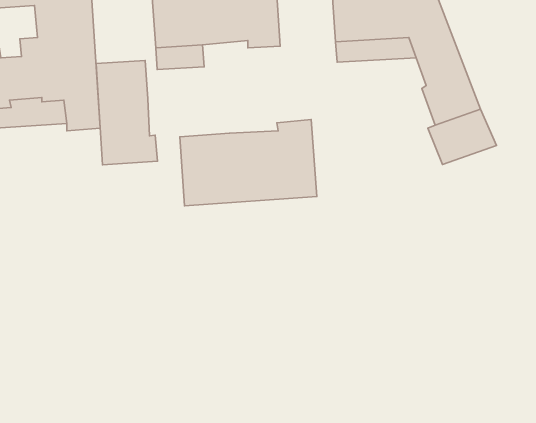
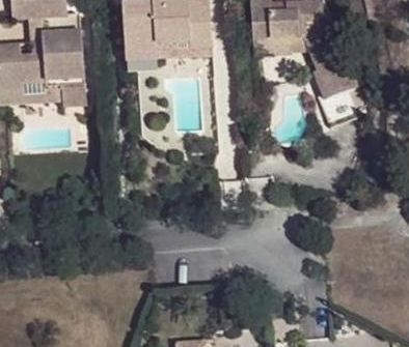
building: [96,61,158,165] -> none
building: [180,119,317,206] -> none

